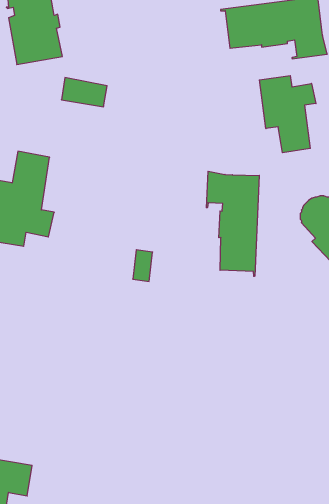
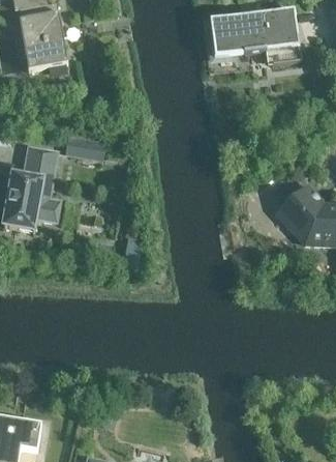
building: [259,76,316,153] -> none
building: [61,78,107,107] -> [64,134,104,160]
building: [206,171,259,276] -> none

